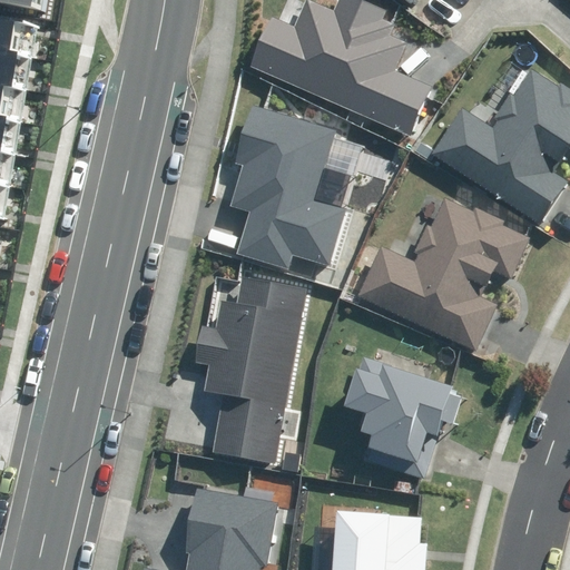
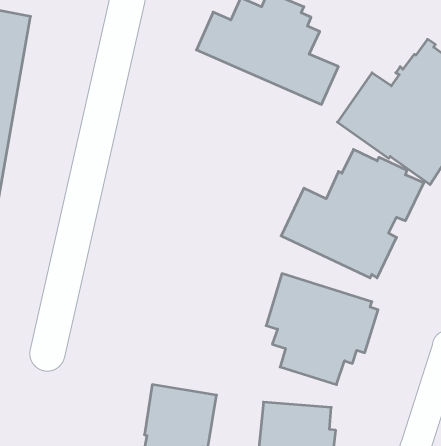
building: [227,105,344,268] -> none
building: [183,268,321,475] -> none

